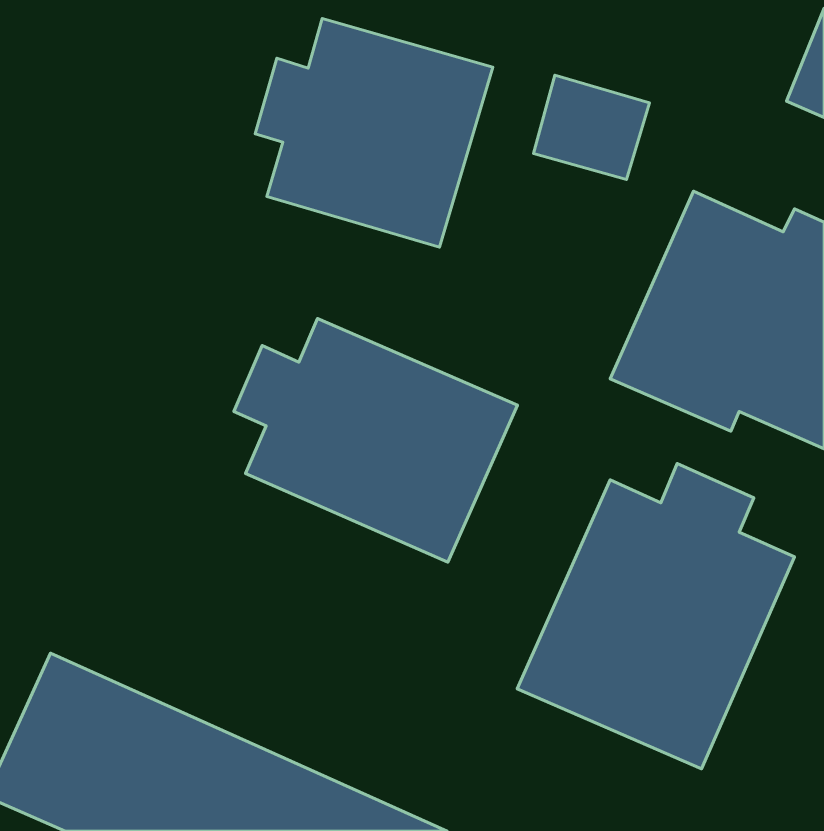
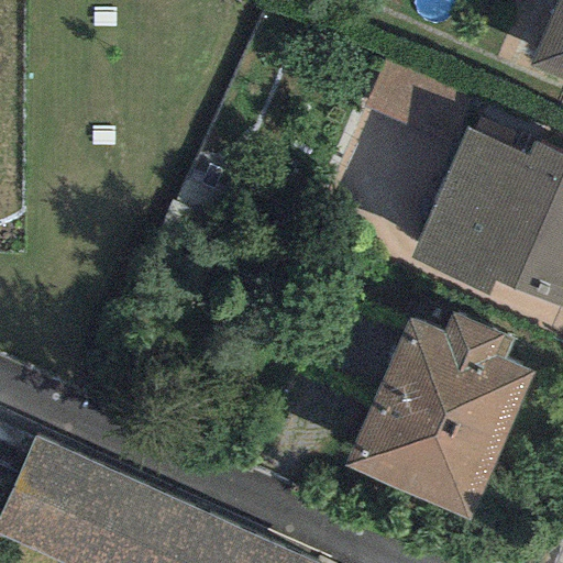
building: [255,18,493,247] -> none
building: [234,318,518,562] -> none

